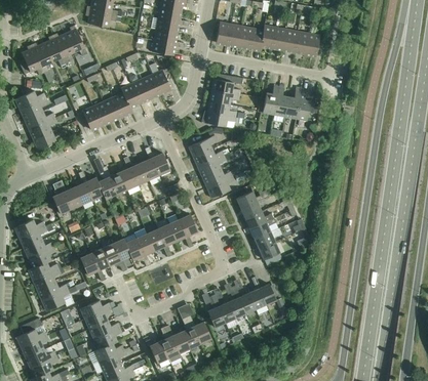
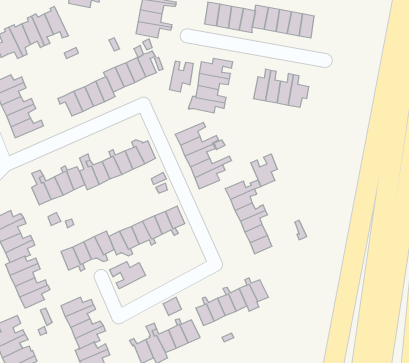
building: none -> [170,61,193,92]
building: none -> [251,154,277,187]
building: none -> [110,262,146,289]

